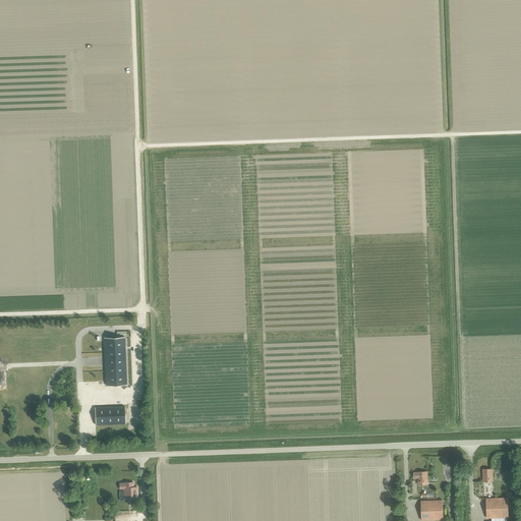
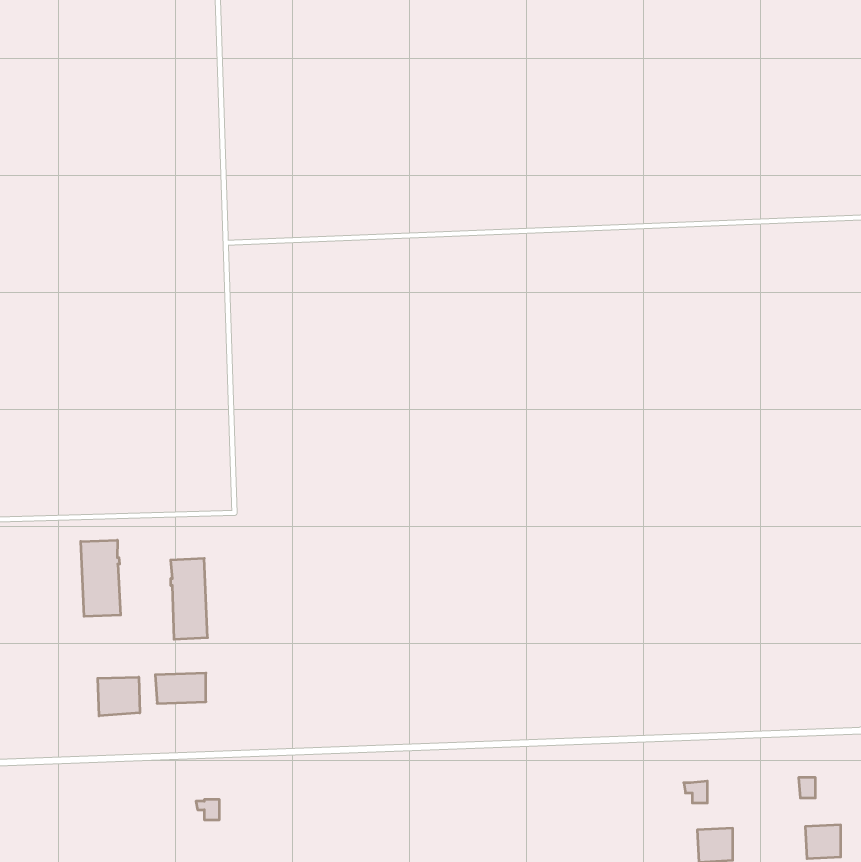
building: none -> [81,540,121,616]
building: none -> [98,677,140,716]

